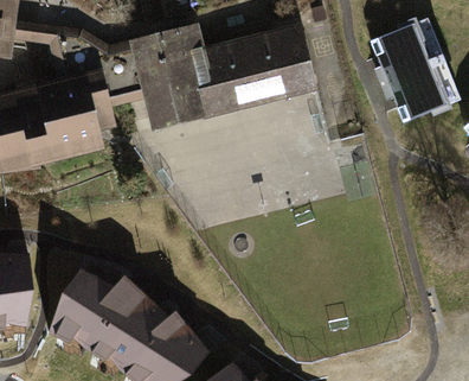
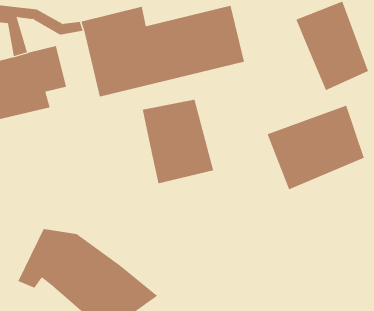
building: none -> [142,99,214,184]
building: none -> [267,105,365,190]

